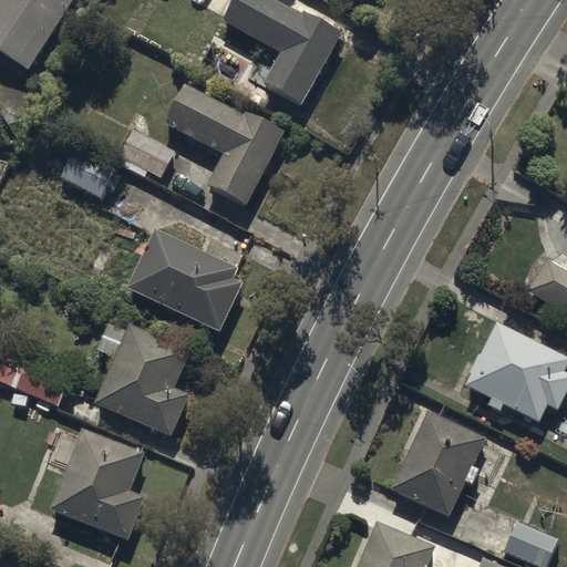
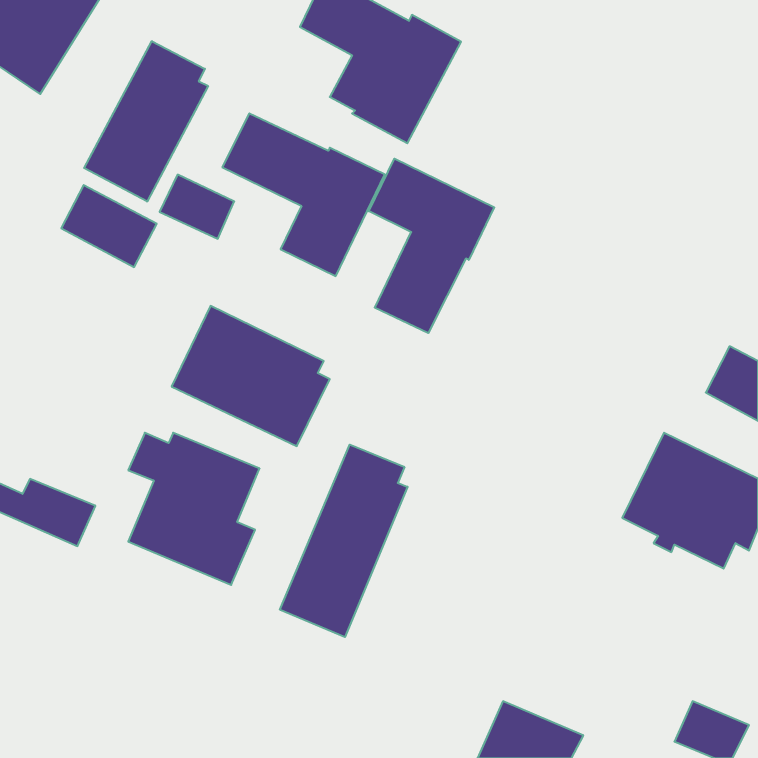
building: none -> [84,41,208,202]
building: none -> [369,159,494,333]
building: none -> [280,445,408,637]
building: [388,409,483,515] -> none
building: [49,429,146,542] -> none

